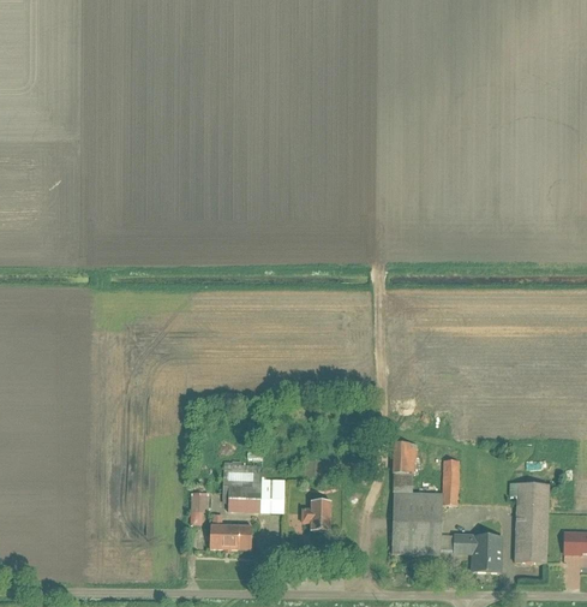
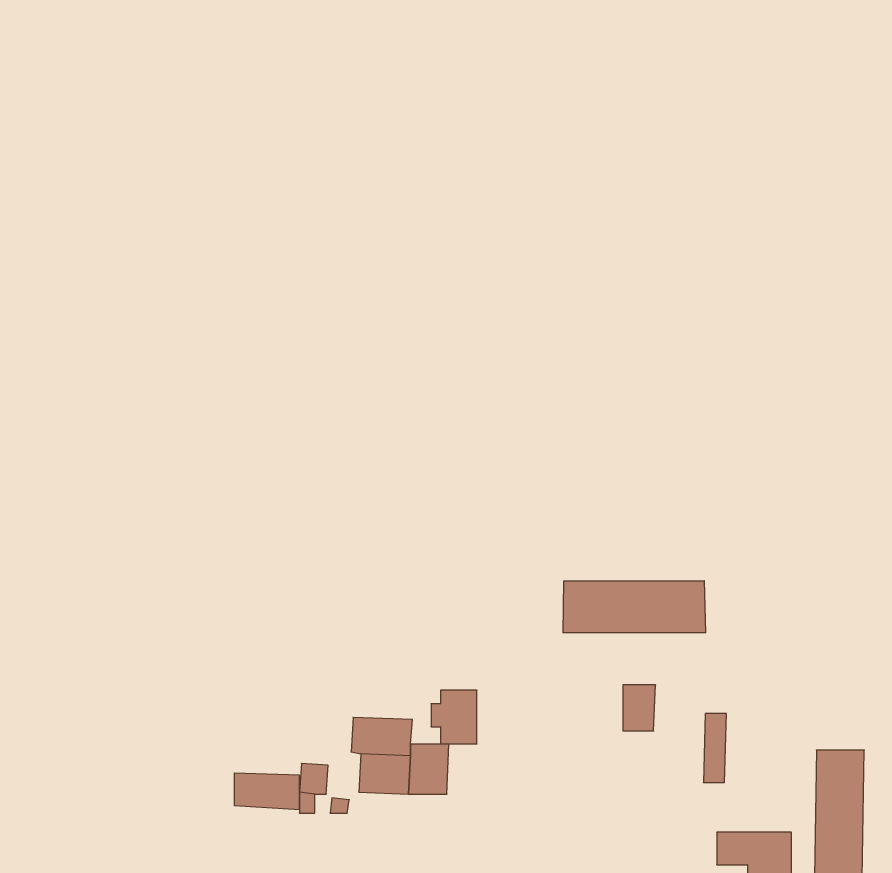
building: none -> [563,581,706,633]
building: [391,492,441,552] -> none
building: [303,499,331,532] -> [431,690,477,744]
building: [210,528,251,551] -> [234,773,299,809]

